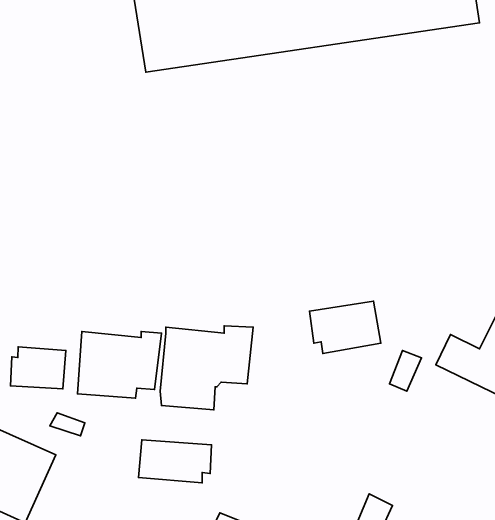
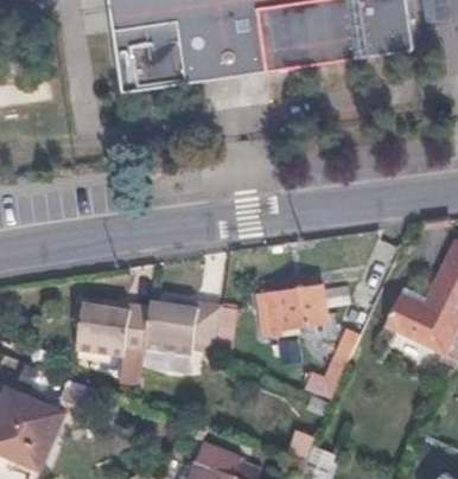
building: [11,347,66,389] -> none
building: [139,440,211,483] -> none

